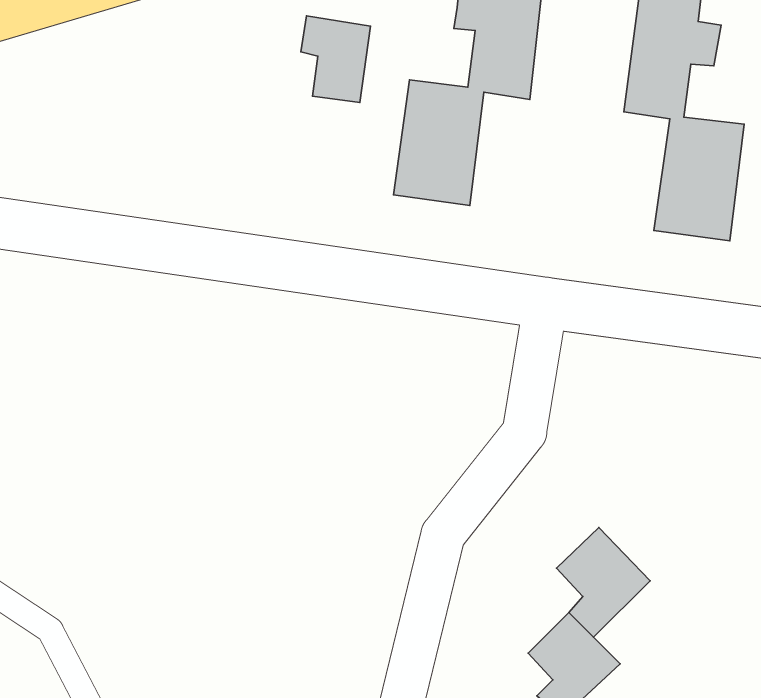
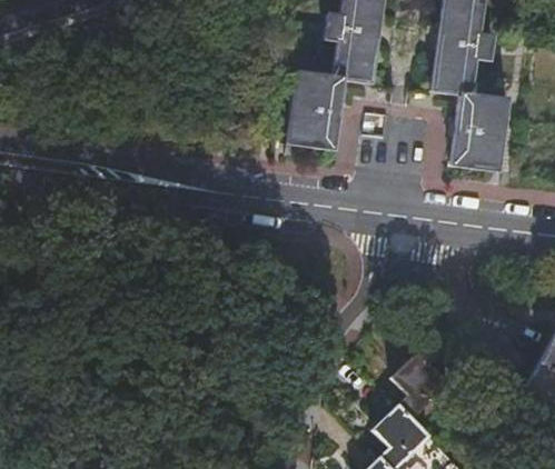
building: [301,16,371,102] -> none

